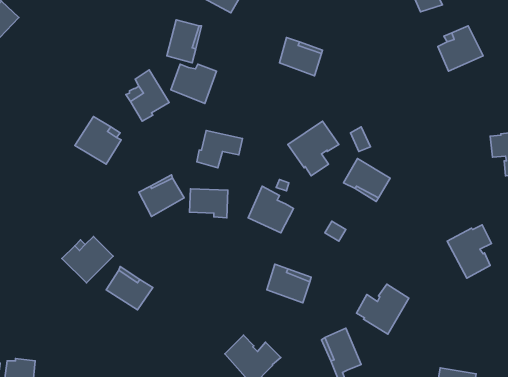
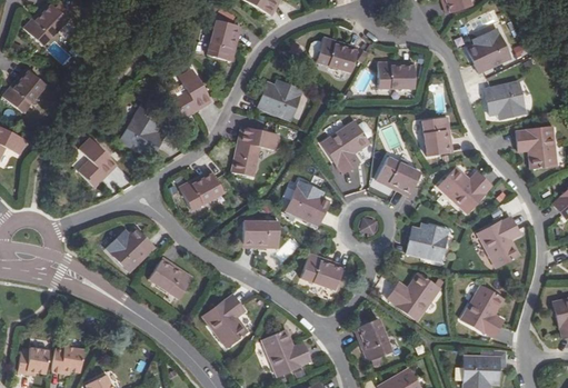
building: [171,64,216,104] -> [259,83,302,121]
building: none -> [376,63,411,89]
building: none -> [484,81,526,118]
building: none -> [420,113,449,155]
building: none -> [79,138,114,187]
building: none -> [439,167,491,213]
building: [189,189,228,218] -> [240,220,277,248]
building: none -> [403,223,447,261]
building: none -> [458,286,501,339]
building: none -> [203,294,248,347]

